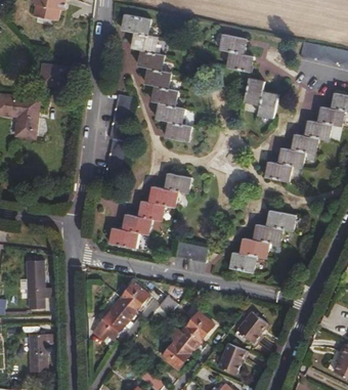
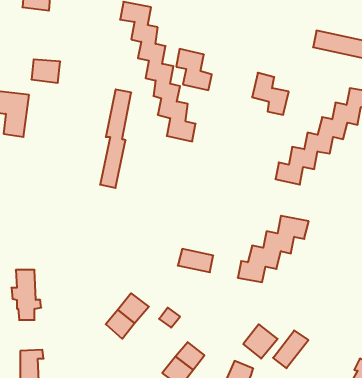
building: [220,34,253,72] -> [176,49,212,90]
building: [110,173,192,249] -> none
building: [91,311,124,340] -> none
building: [184,312,212,340] -> none
building: none -> [273,330,308,368]

